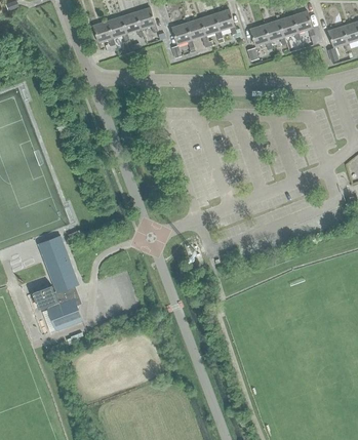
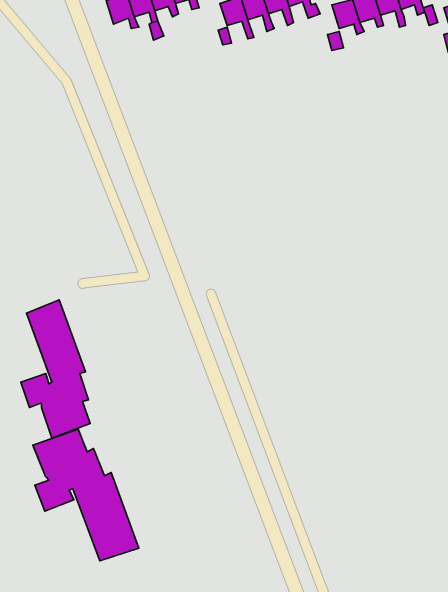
building: none -> [33,429,139,561]

